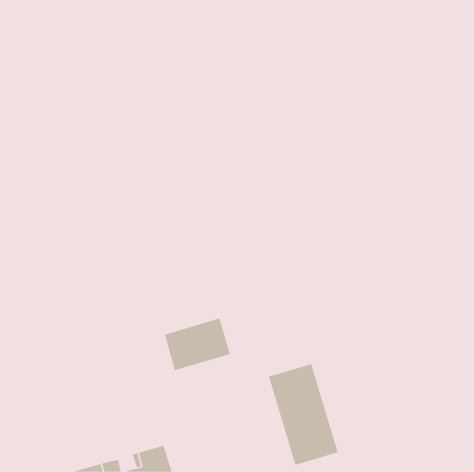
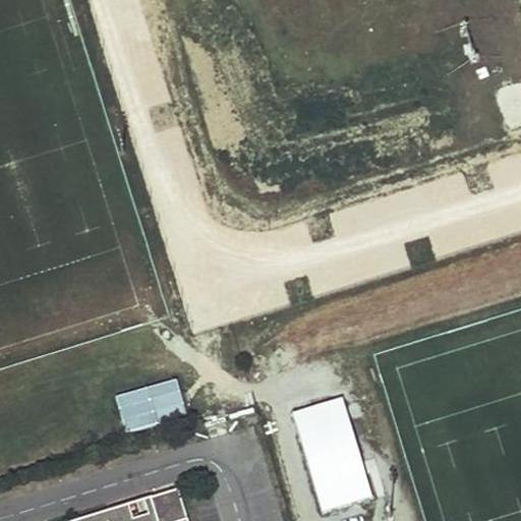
building: [164,318,231,371] -> [114,377,187,435]

